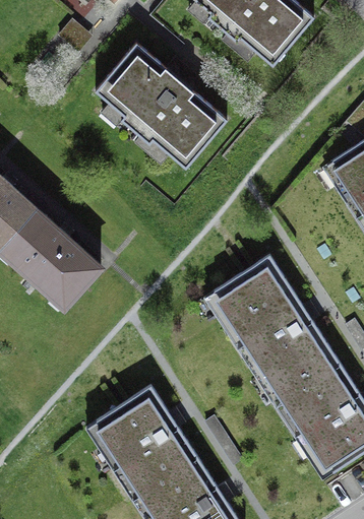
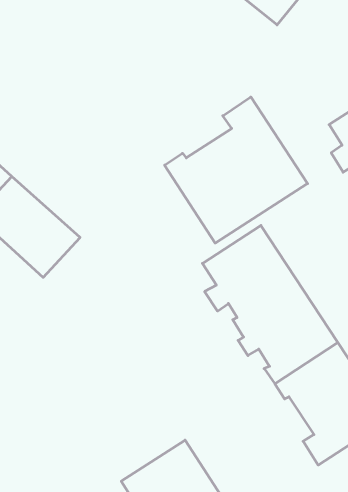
building: [104,61,219,164] -> none
building: none -> [165,97,308,243]
building: [84,385,197,495] -> none

